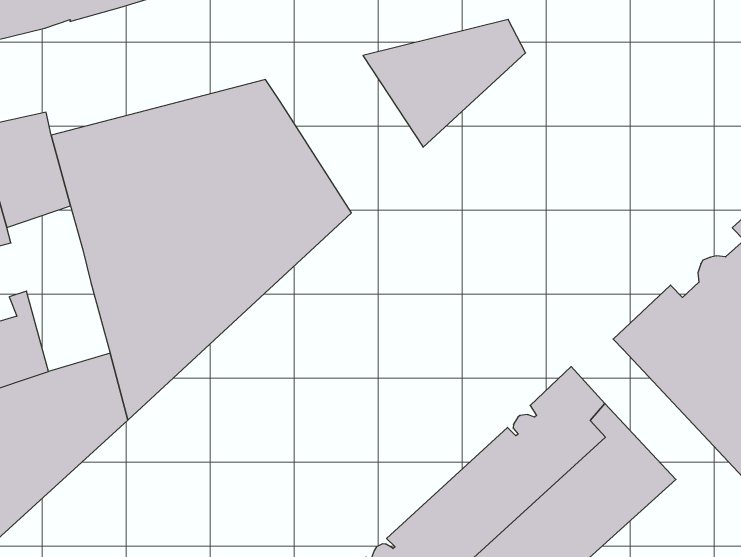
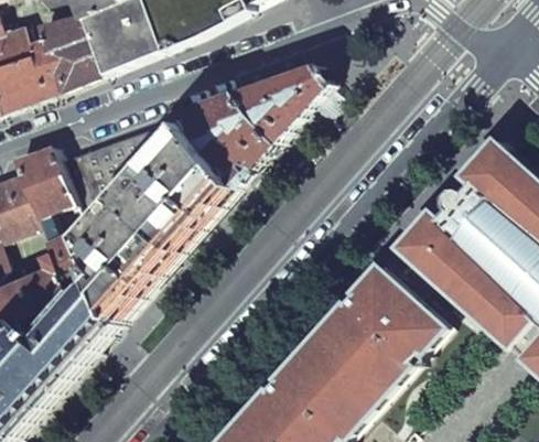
building: none -> [175,94,272,187]
building: none -> [42,225,99,299]

